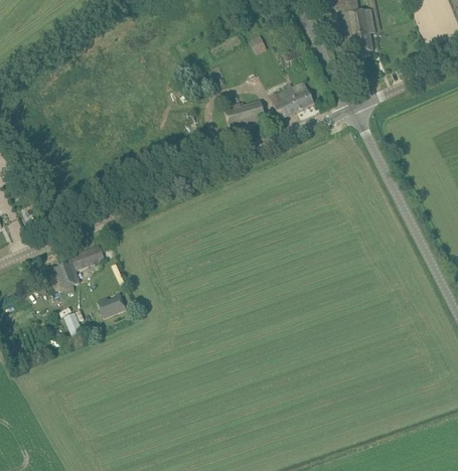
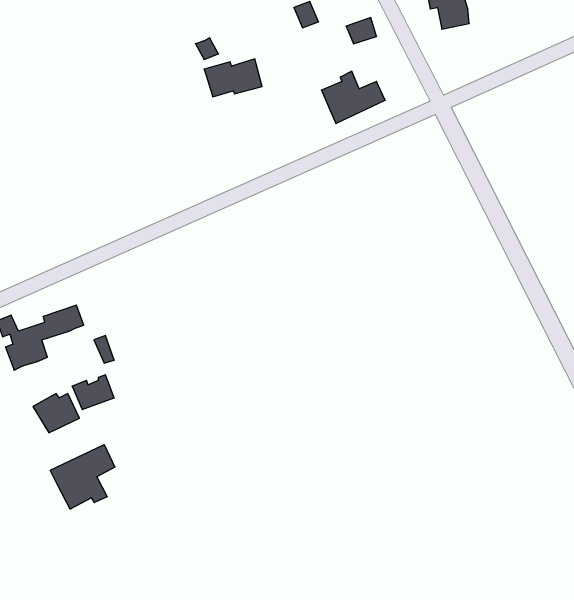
building: [224,101,265,127] -> [204,59,262,97]
building: none -> [50,445,115,509]

